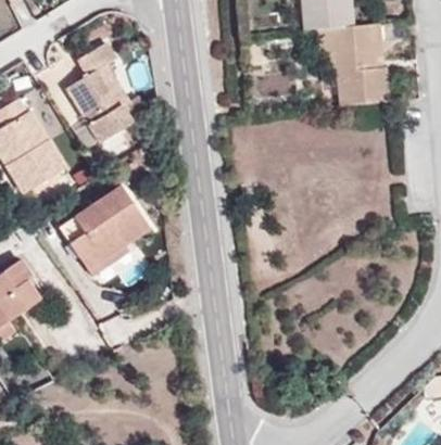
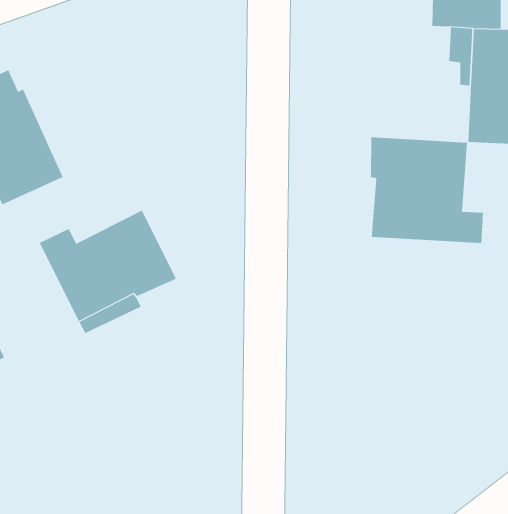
building: [66,43,133,143] -> none
building: none -> [370,137,483,244]

